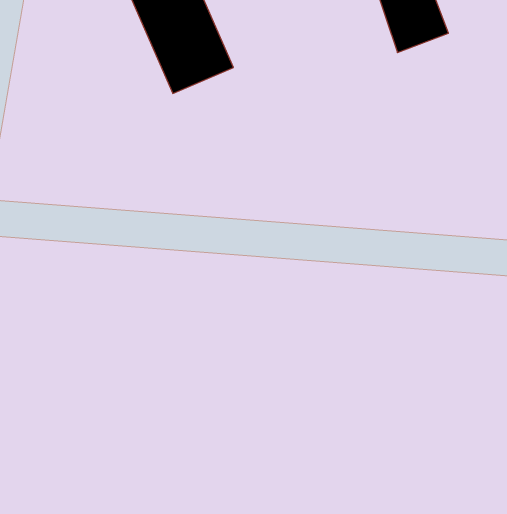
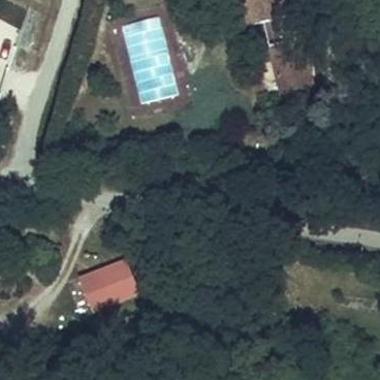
building: none -> [87,259,141,305]

